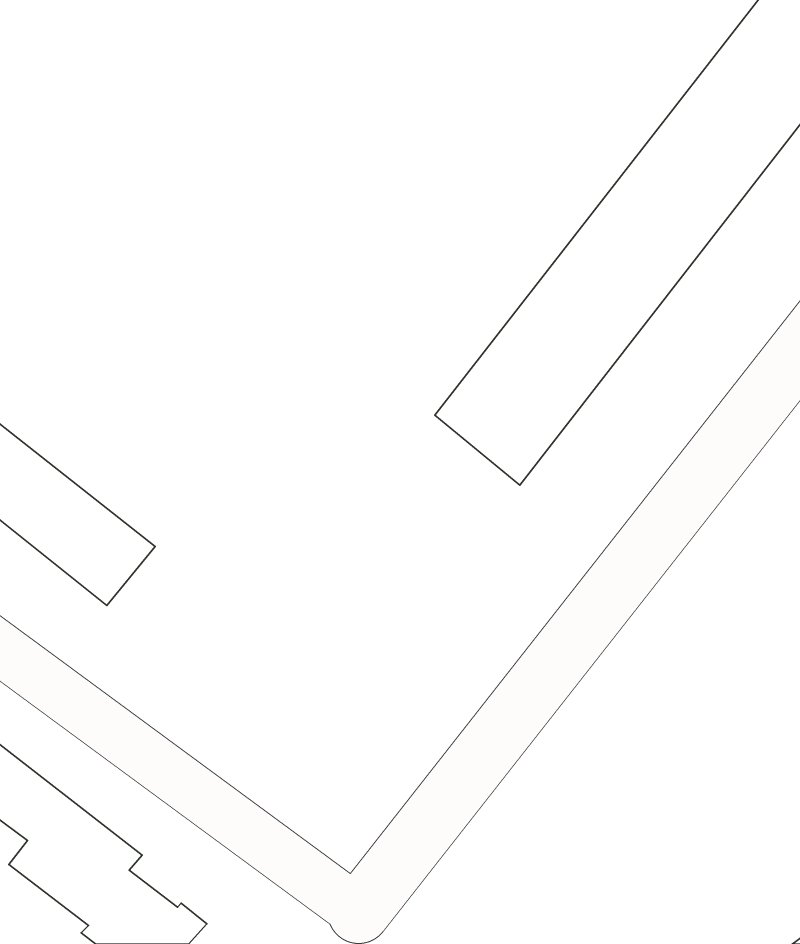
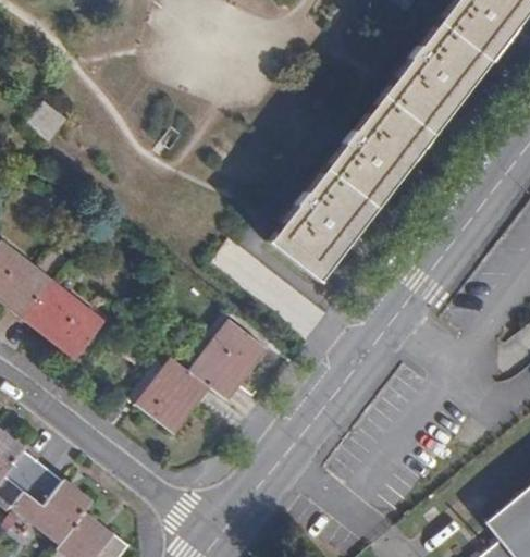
building: none -> [138,321,266,432]

